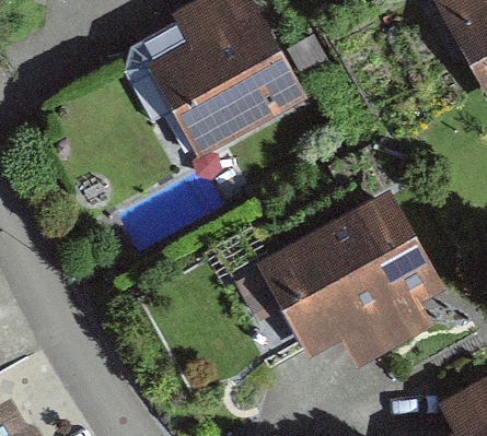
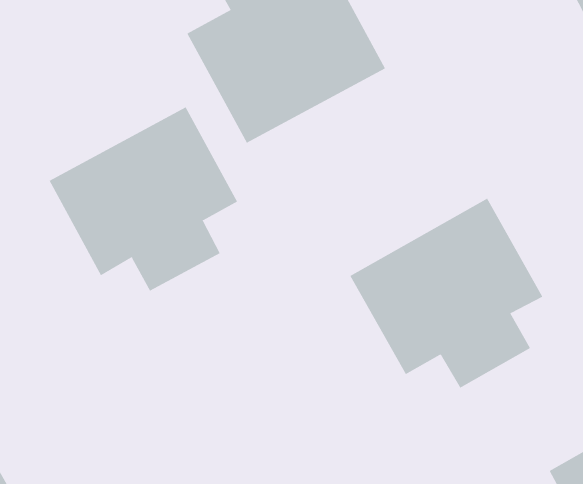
building: none -> [49,106,238,292]

